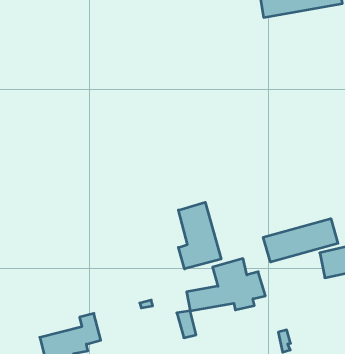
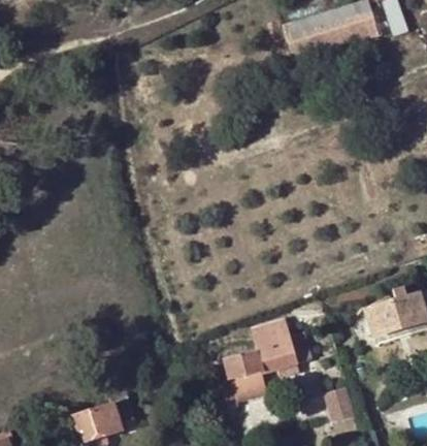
building: [178,202,221,269] -> none
building: [263,219,338,262] -> none

